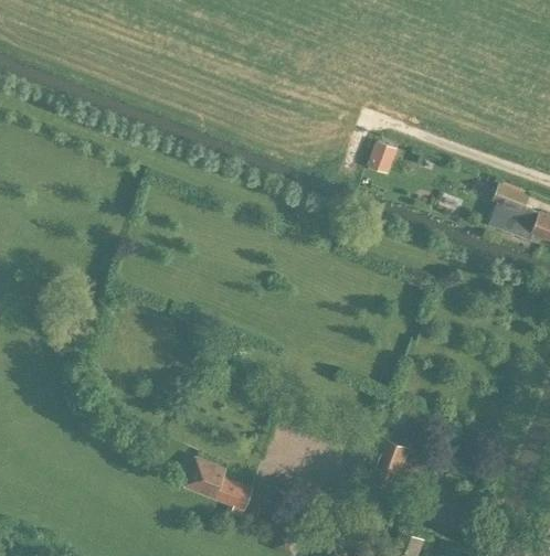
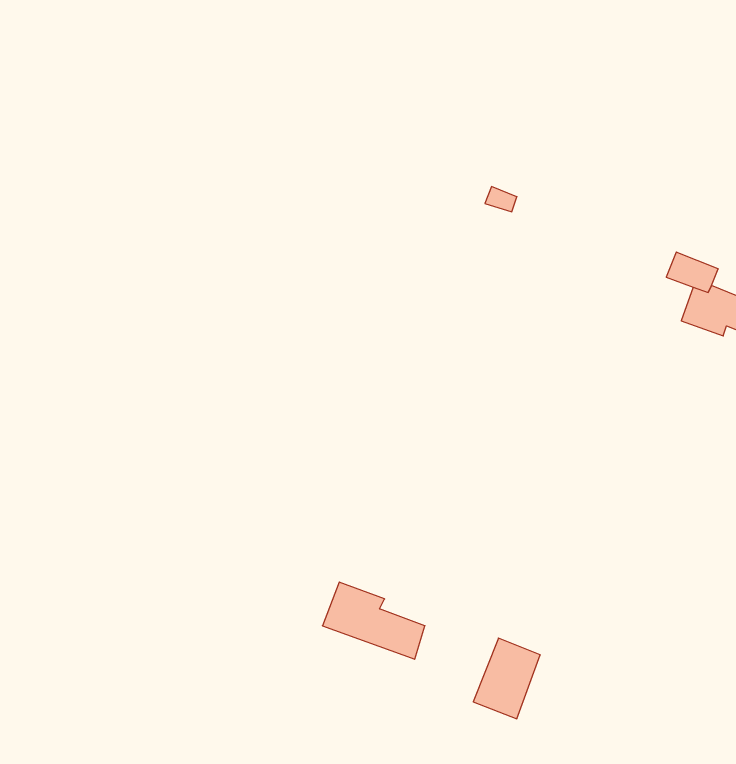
building: [186,461,253,512] -> [322,582,425,659]

